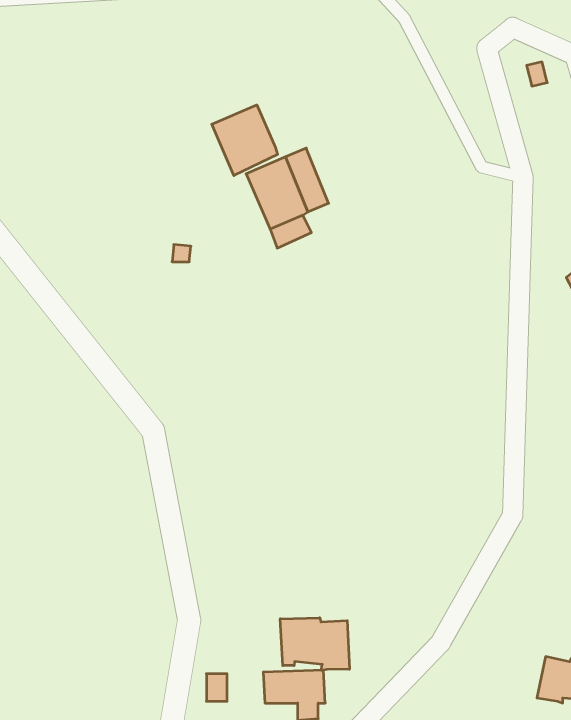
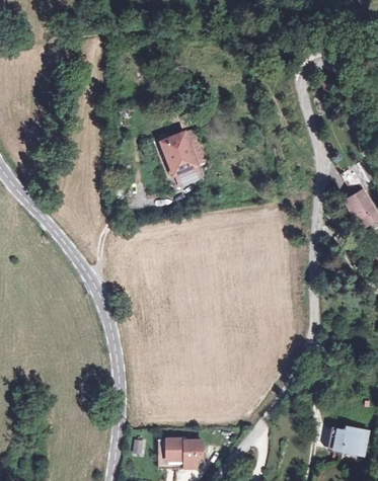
building: [212,105,278,176] -> none
building: [280,618,349,670] -> none

